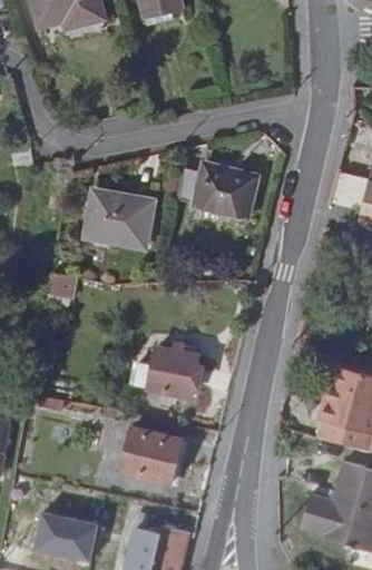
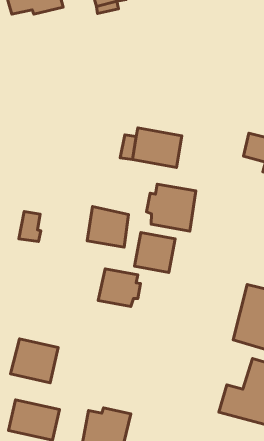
building: [99,197,151,248] -> [87,207,128,247]
building: none -> [147,184,196,231]
building: none -> [134,232,175,272]
building: [119,429,179,484] -> [11,339,58,383]

